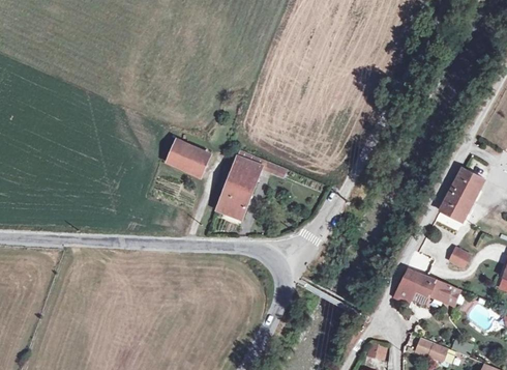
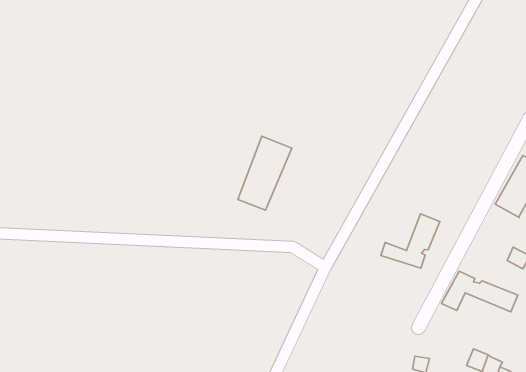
building: [166,139,211,175] -> none
building: none -> [381,214,440,268]

